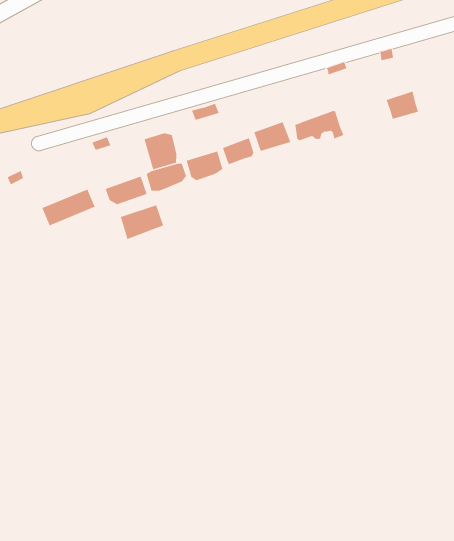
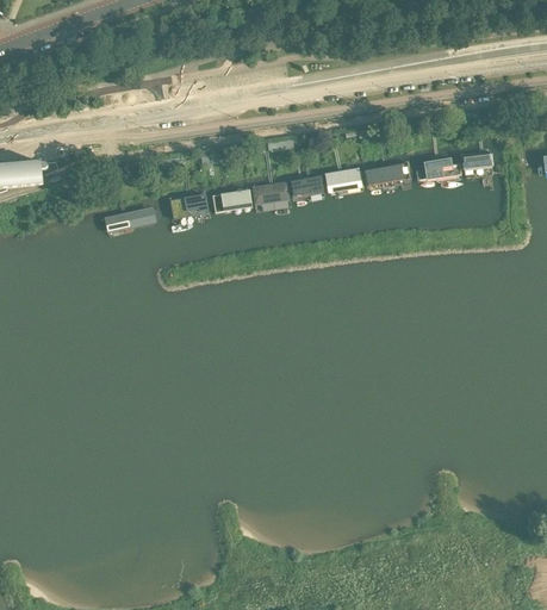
building: none -> [416,151,460,179]
building: [144,133,177,170] -> none
building: [120,204,164,240] -> none

